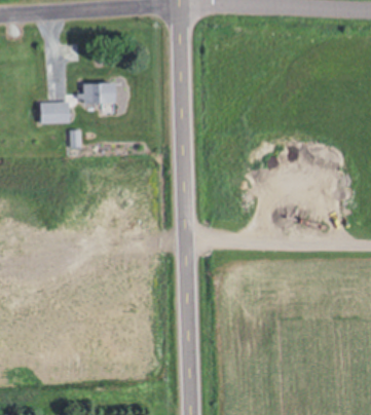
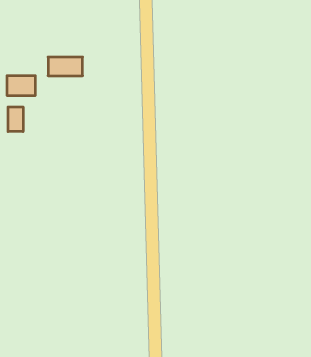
building: none -> [8,107,23,132]

